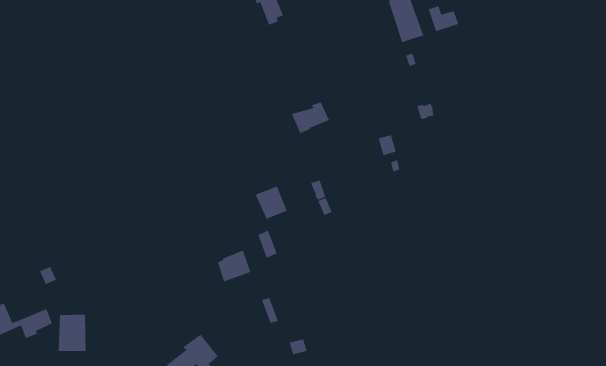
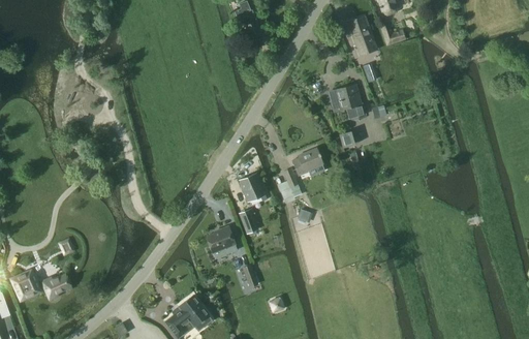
building: none -> [332,84,365,119]
building: [291,101,330,134] -> [291,148,323,175]
building: [58,314,86,352] -> none

